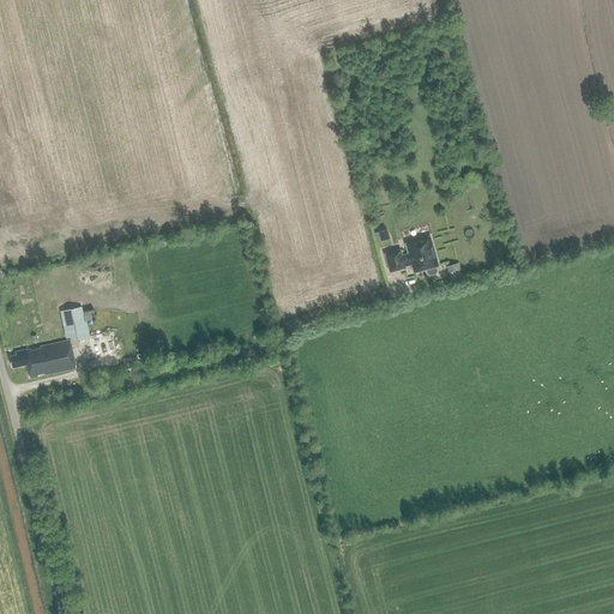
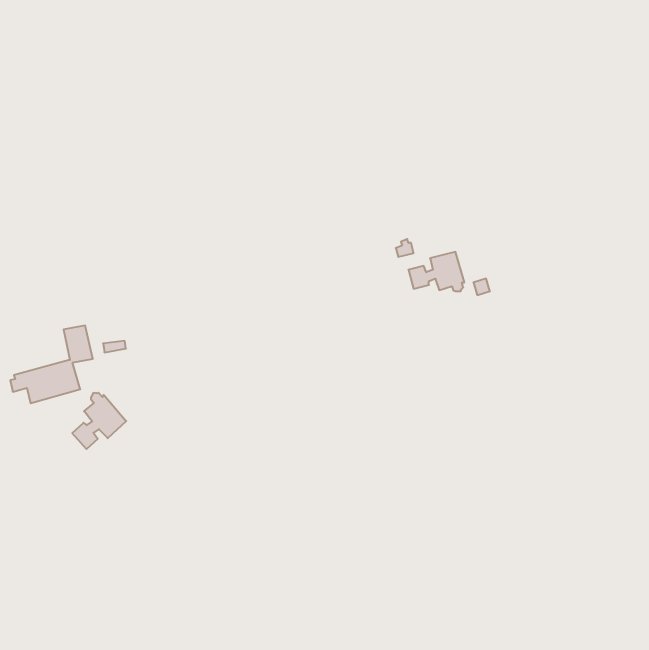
building: none -> [72,393,126,449]

